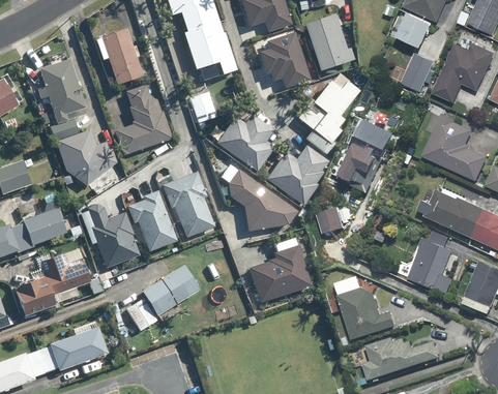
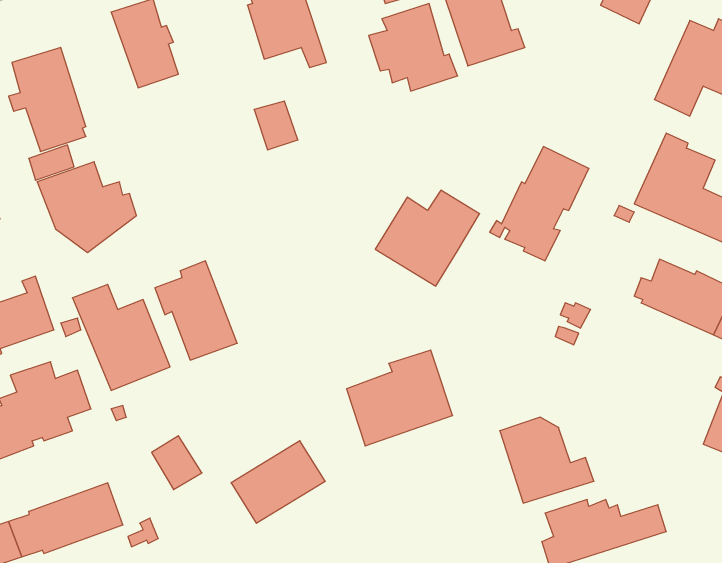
building: [404,53,436,92] -> none
building: [299,84,356,152] -> none
building: [115,85,172,155] -> none
building: [217,114,274,171] -> none
building: [228,169,299,233] -> none
building: [162,171,215,238] -> none
building: [319,208,346,234] -> none
building: [409,231,455,295] -> none
building: [141,265,199,315] -> [231,441,325,523]

